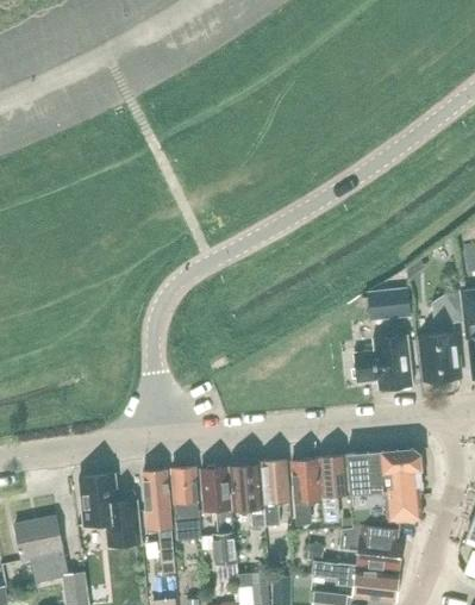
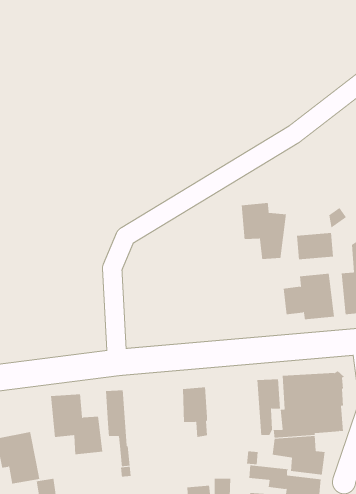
building: none -> [241,202,287,260]
building: [263,462,292,525] -> none
building: [295,462,321,526] -> none
building: [171,469,200,541] -> none
building: [205,470,237,566] -> none

